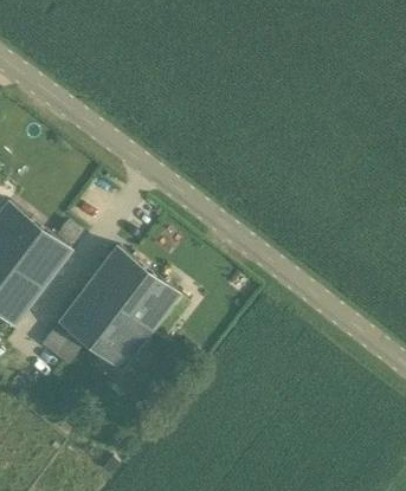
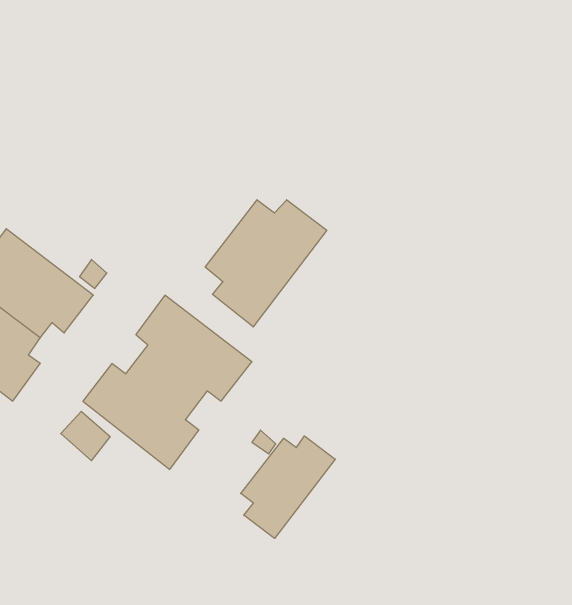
building: none -> [205,200,327,327]
building: none -> [241,436,335,538]

